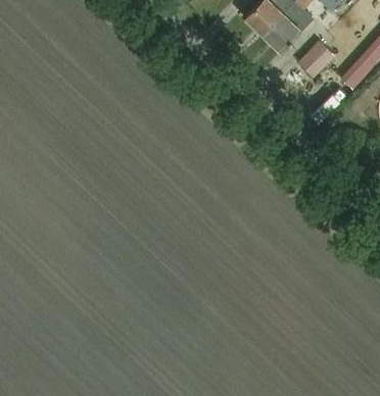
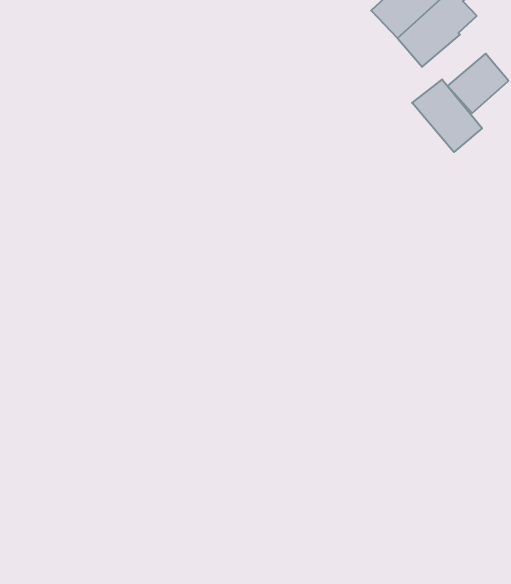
building: none -> [412,79,482,152]

